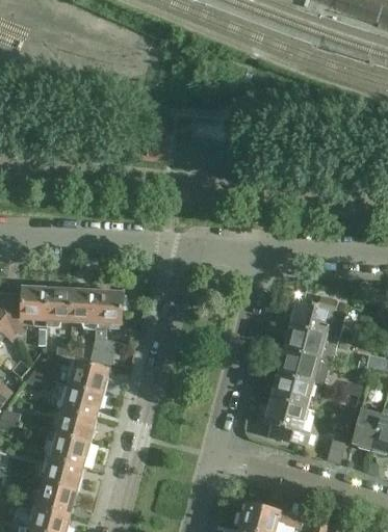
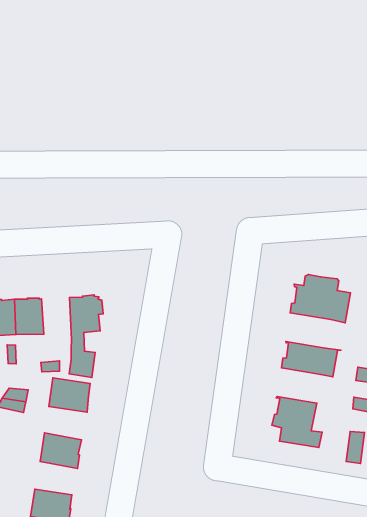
building: [71,289,97,328] -> none
building: [284,324,338,362] -> none
building: [271,372,312,406] -> none
building: [62,385,102,418] -> none
building: [49,433,88,466] -> none

